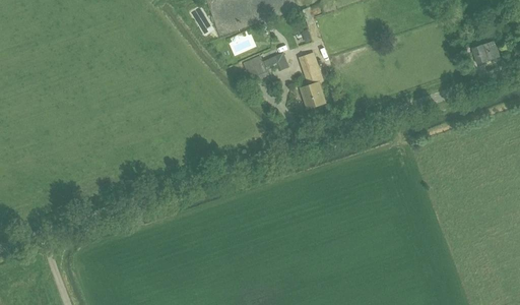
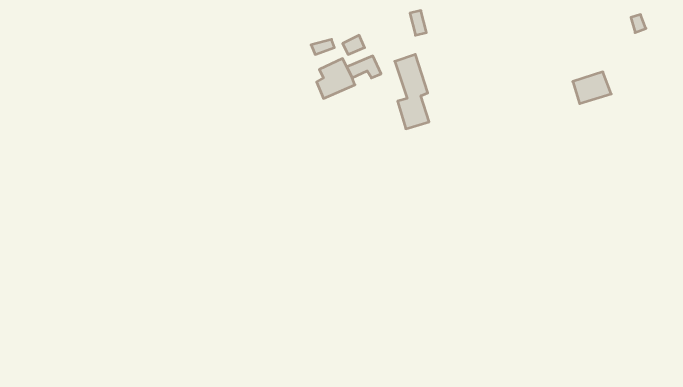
building: [471,40,500,63] -> [573,72,611,104]

